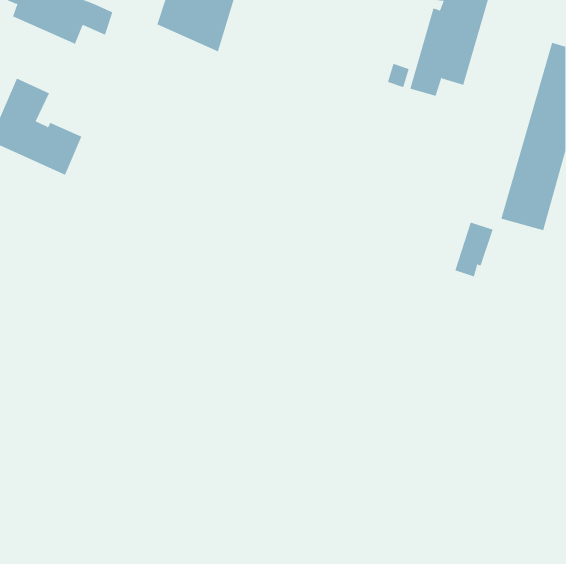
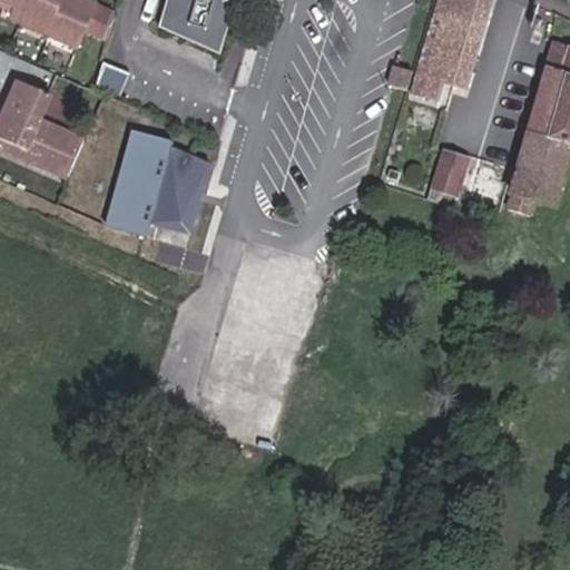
building: none -> [108,131,209,233]
building: [454,222,493,277] -> [429,149,468,205]

